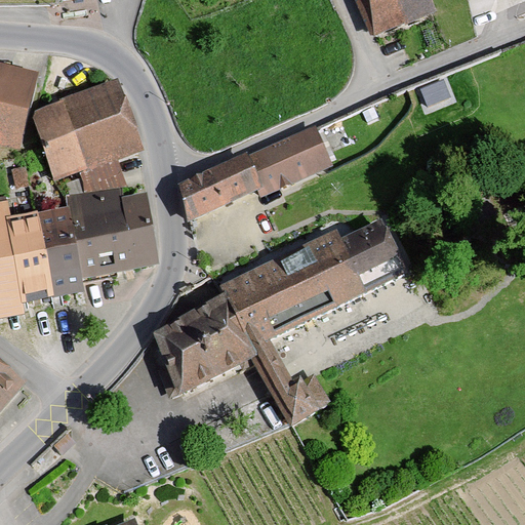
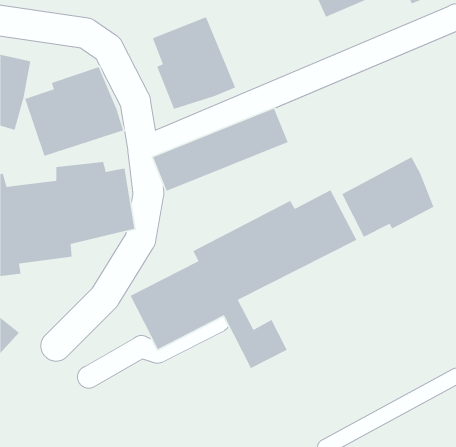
building: none -> [152,16,236,110]
building: none -> [341,156,435,238]

